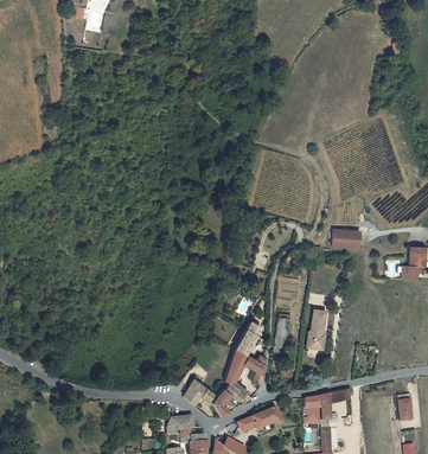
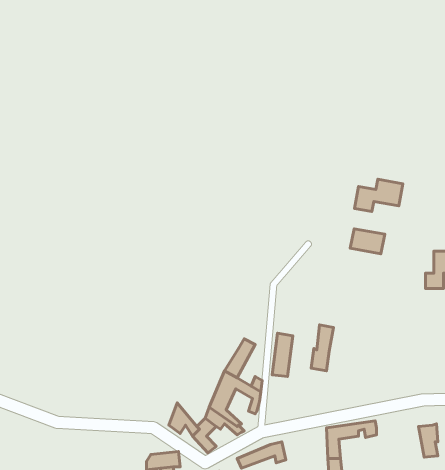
building: none -> [355,179,403,212]

